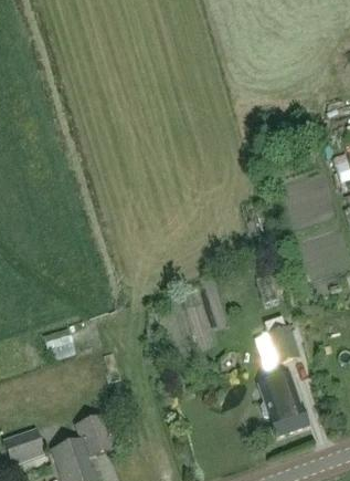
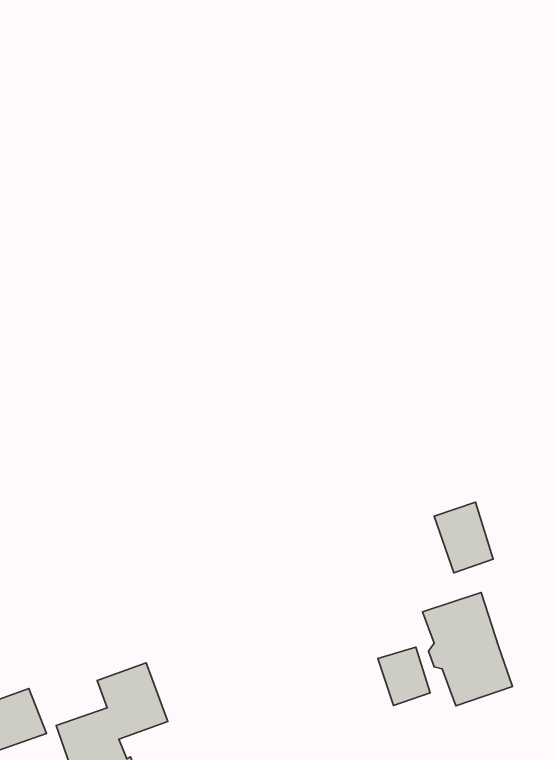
building: none -> [378,647,430,705]

